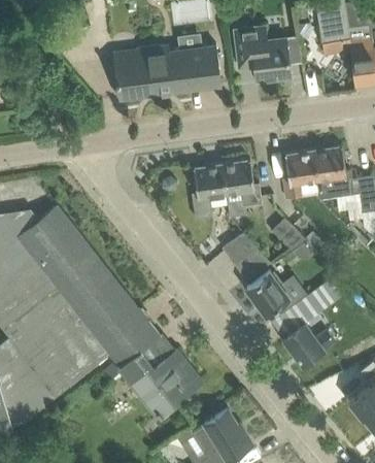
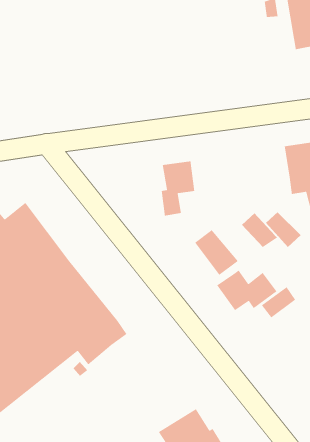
building: [234,27,302,81] -> none
building: [110,44,221,101] -> none
building: [283,151,318,200] -> none
building: [221,161,262,206] -> none
building: [283,325,335,367] -> none
building: [120,349,202,417] -> none

